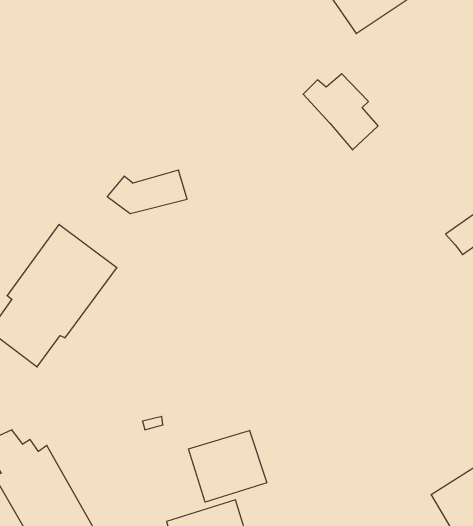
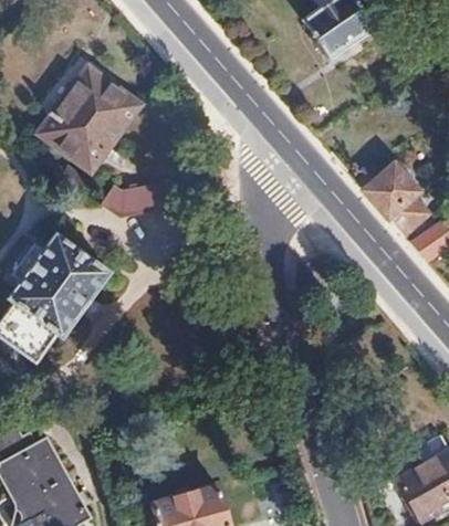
building: none -> [40,67,140,172]
building: [303,74,378,150] -> [357,165,426,234]
building: [189,430,267,502] -> none

